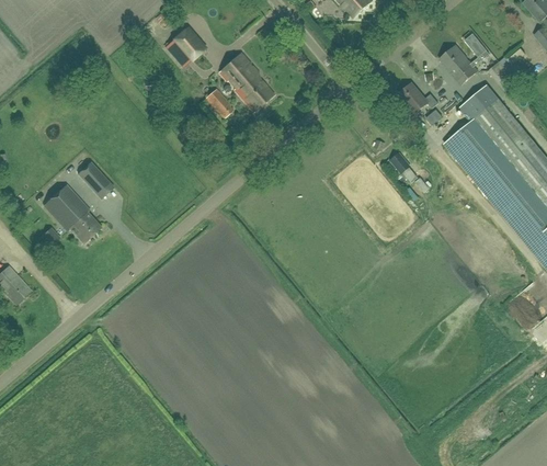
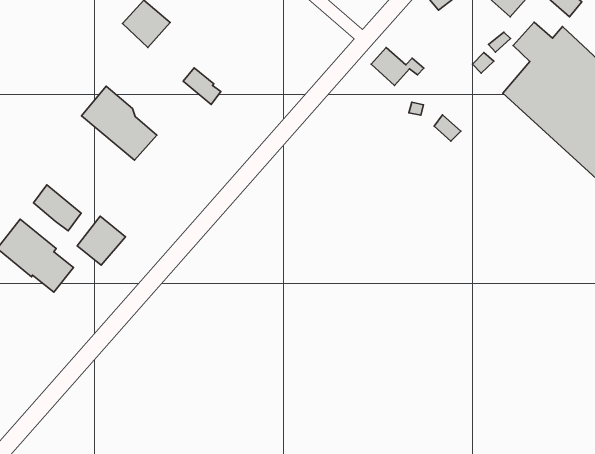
building: [218,50,273,110] -> [82,86,157,160]
building: [398,82,437,112] -> [371,48,424,85]
building: none -> [77,216,126,265]

